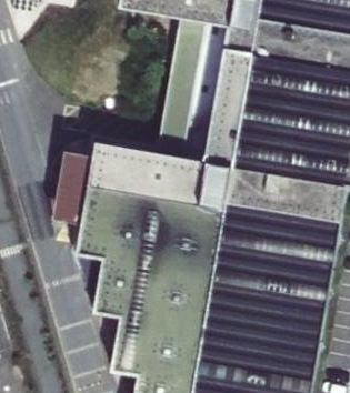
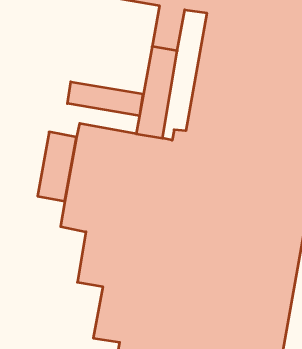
building: none -> [67,82,143,116]

